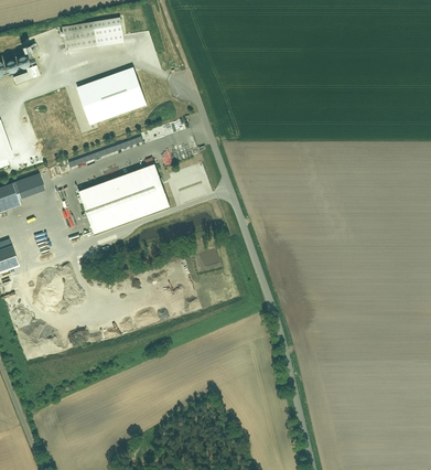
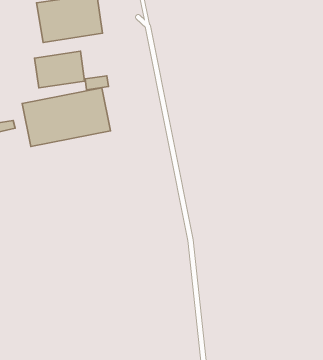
building: none -> [34,51,85,88]

